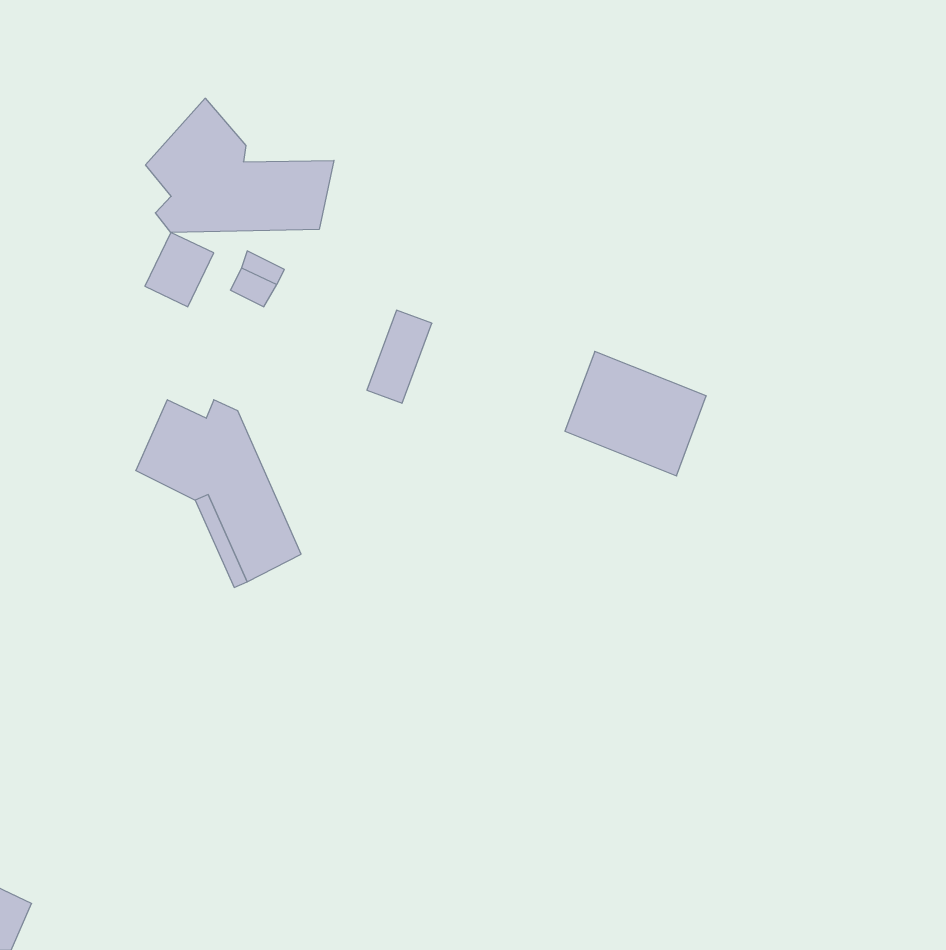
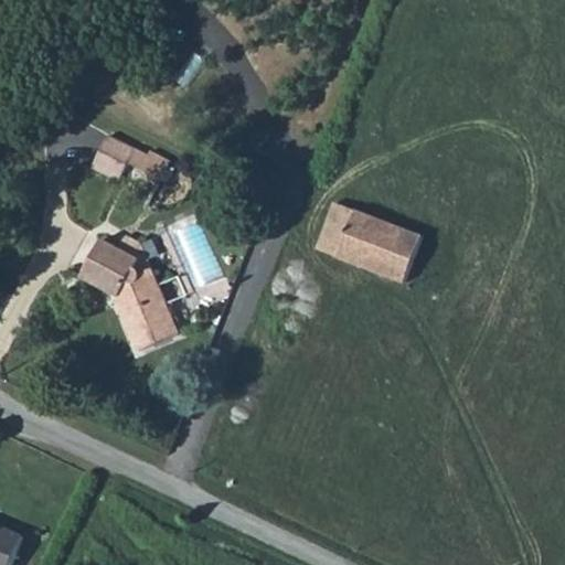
building: [146,98,334,232] -> none
building: [367,310,432,403] -> [315,201,353,256]

